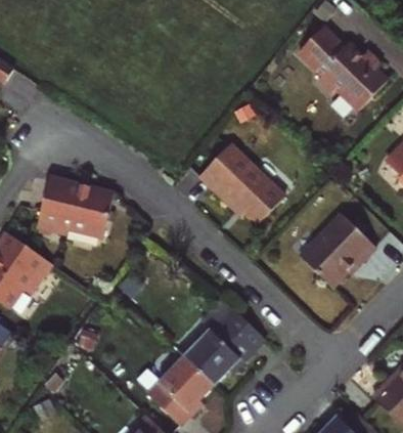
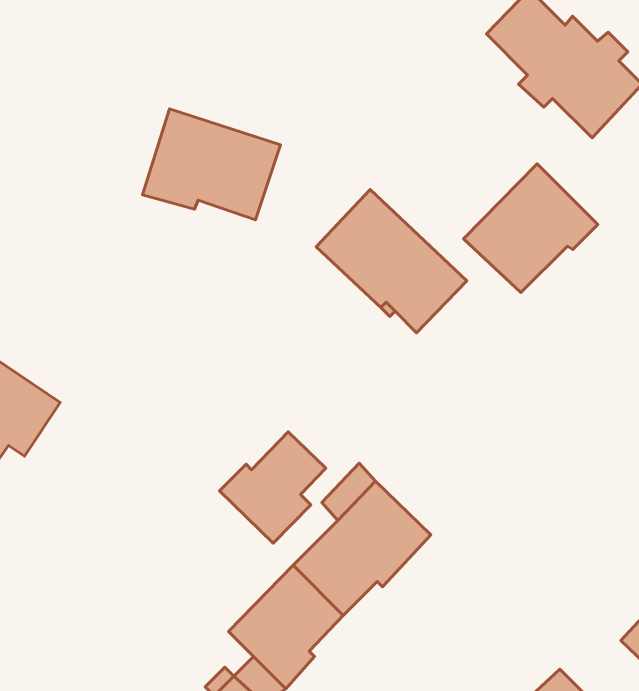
building: [35,176,114,240] -> [143,109,280,220]
building: [299,211,375,285] -> [464,164,598,293]
building: none -> [220,432,326,543]

